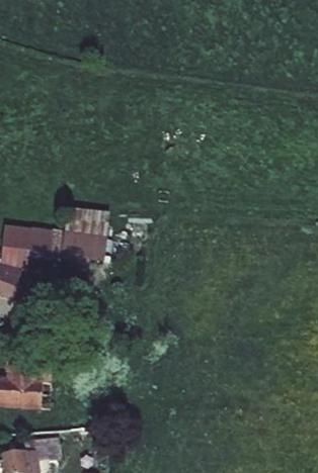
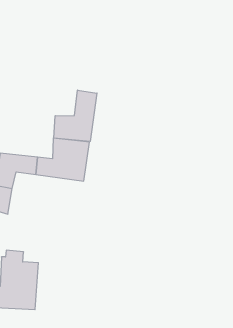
building: none -> [54,90,97,141]

